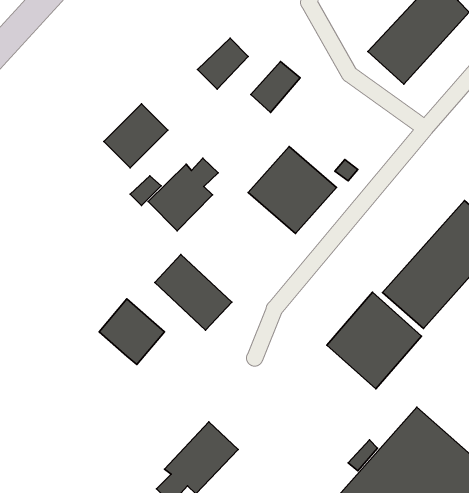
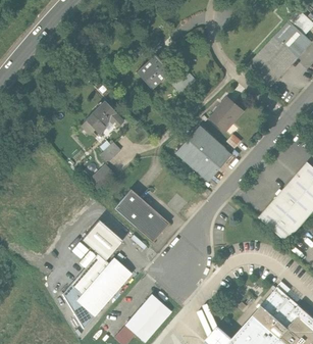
building: [251,62,300,112] -> [211,101,242,133]
building: [148,158,218,231] -> none
building: [327,292,422,389] -> none
building: none -> [68,256,129,315]

